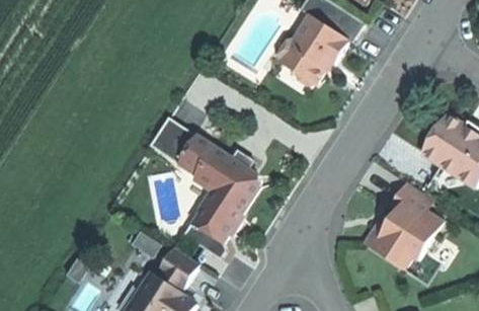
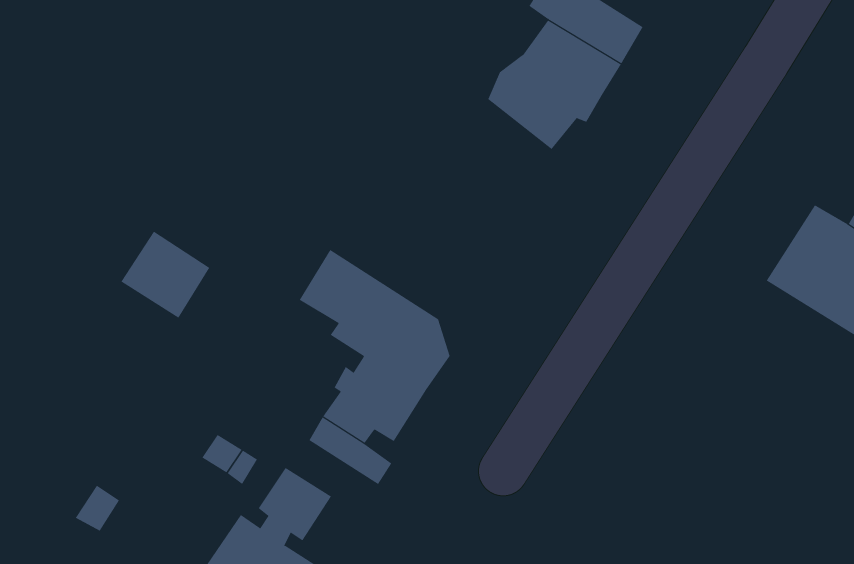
building: [149,118,195,163] -> [121,231,210,318]
building: [364,181,435,268] -> none

